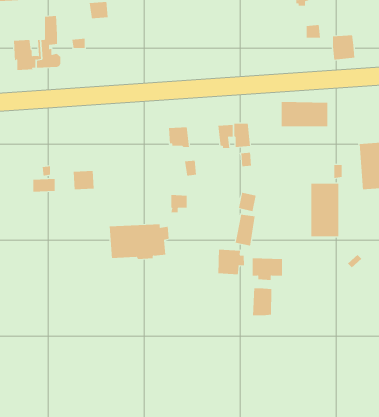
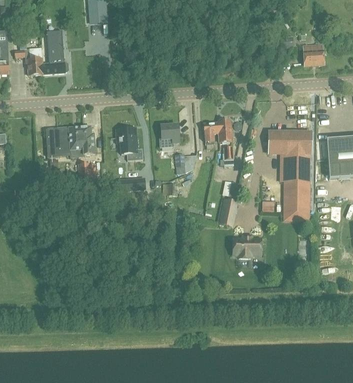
building: [281,101,328,127] -> [269,131,310,153]
building: none -> [116,128,142,160]
building: [109,224,170,260] -> [45,126,98,157]
building: [218,249,245,275] -> none
building: [252,288,272,316] -> none

